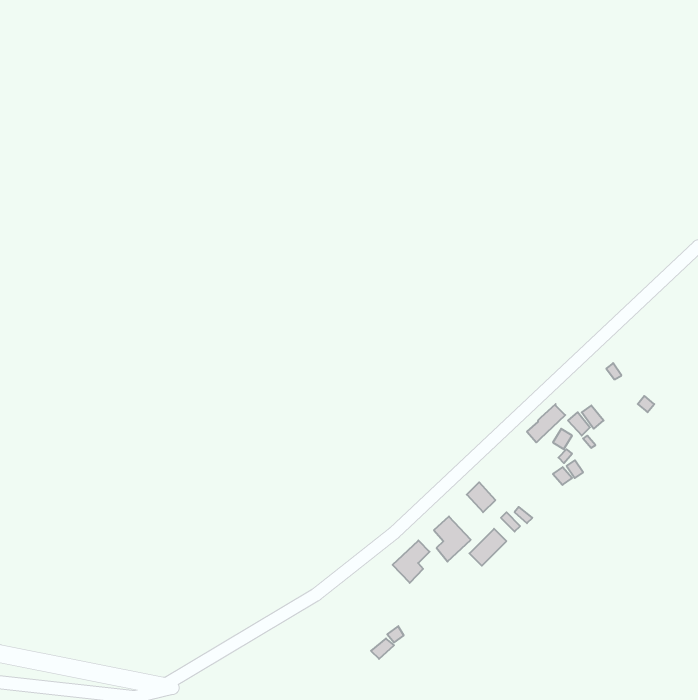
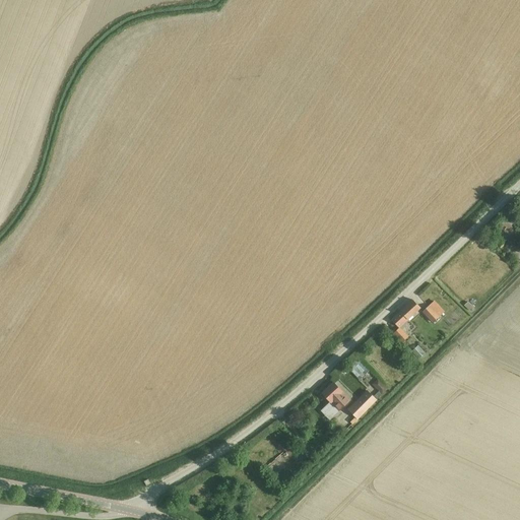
building: [393,540,430,583] -> none

